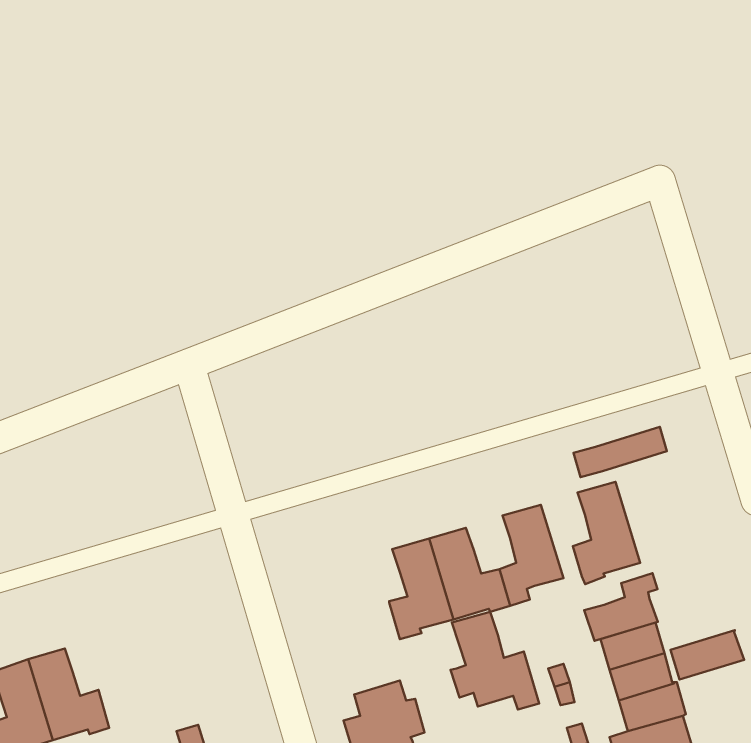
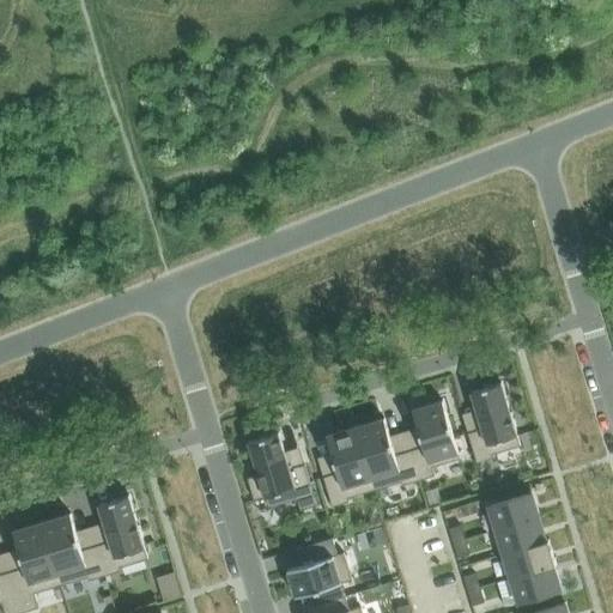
building: [574,427,667,477] -> none
building: [584,573,658,641] -> none
building: [450,612,539,710] -> [245,432,315,509]
building: none -> [95,494,146,575]
building: [670,630,744,680] -> none

